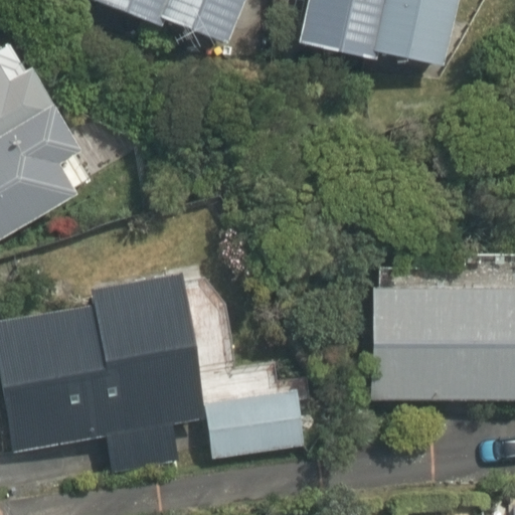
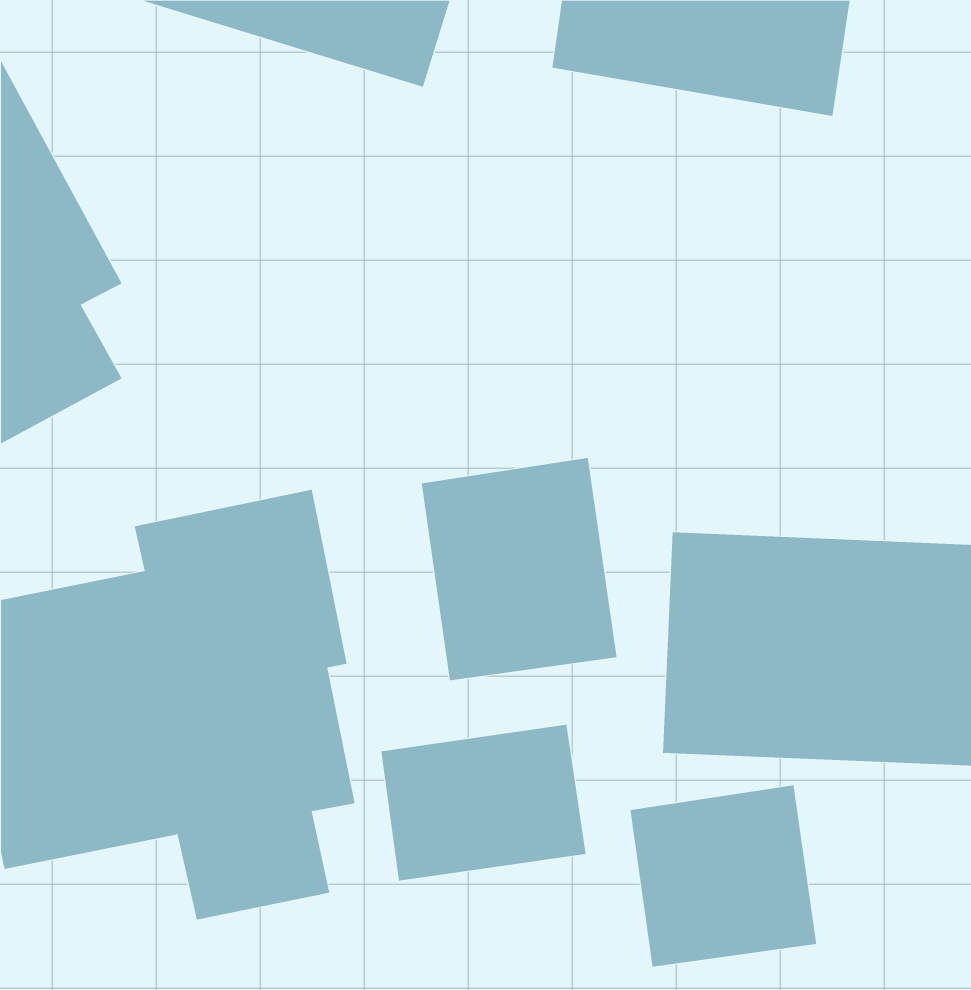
building: none -> [421,457,617,681]
building: none -> [630,785,817,968]

